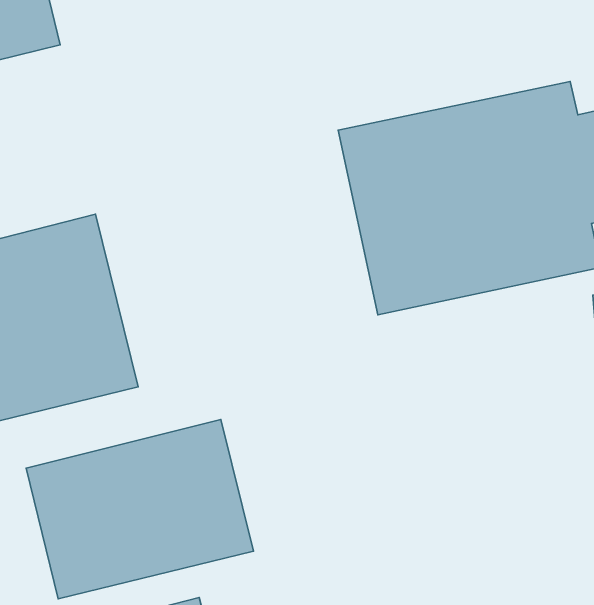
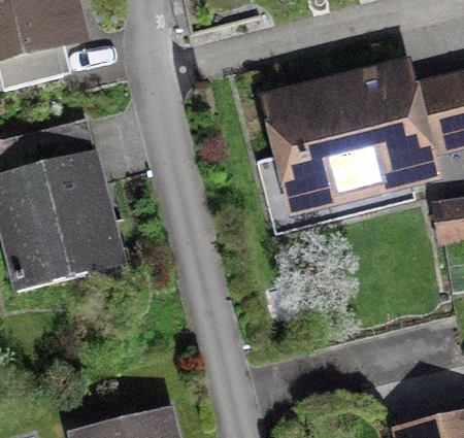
building: [26,420,253,599] -> none

